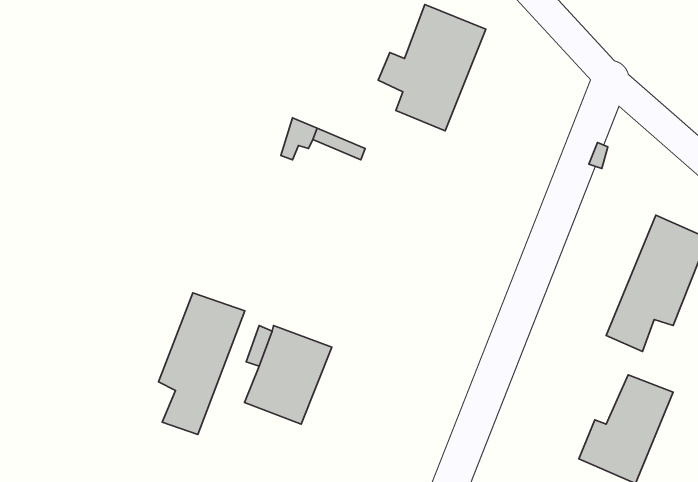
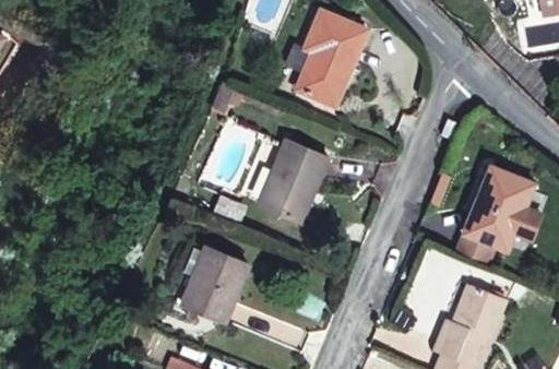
building: none -> [255,148,322,230]
building: [159,293,245,435] -> none

